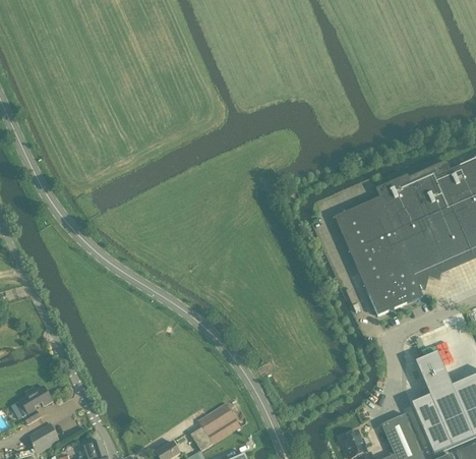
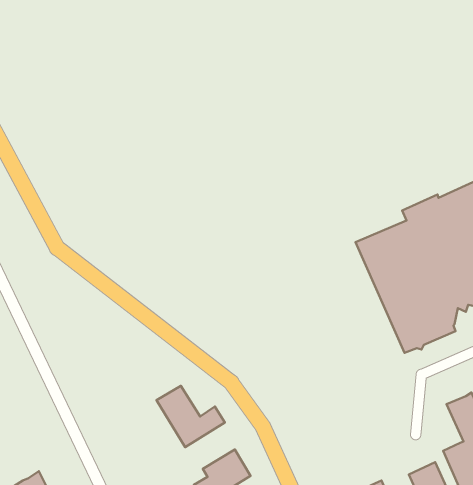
building: none -> [156,386,225,447]
building: [20,385,53,423] -> none

